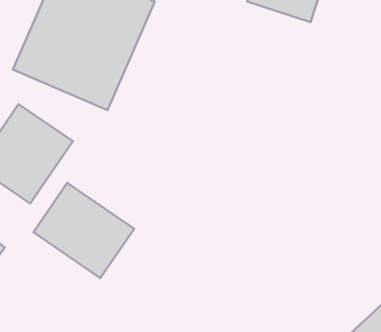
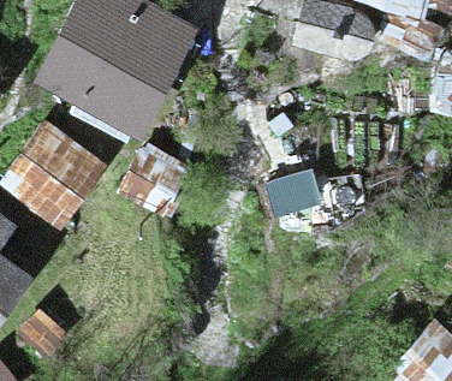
building: [33,183,134,278] -> none

